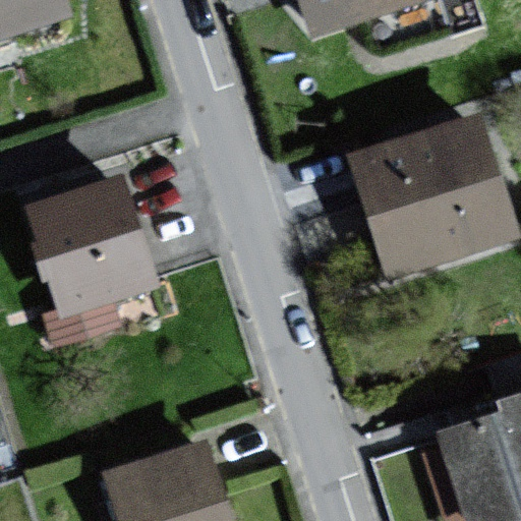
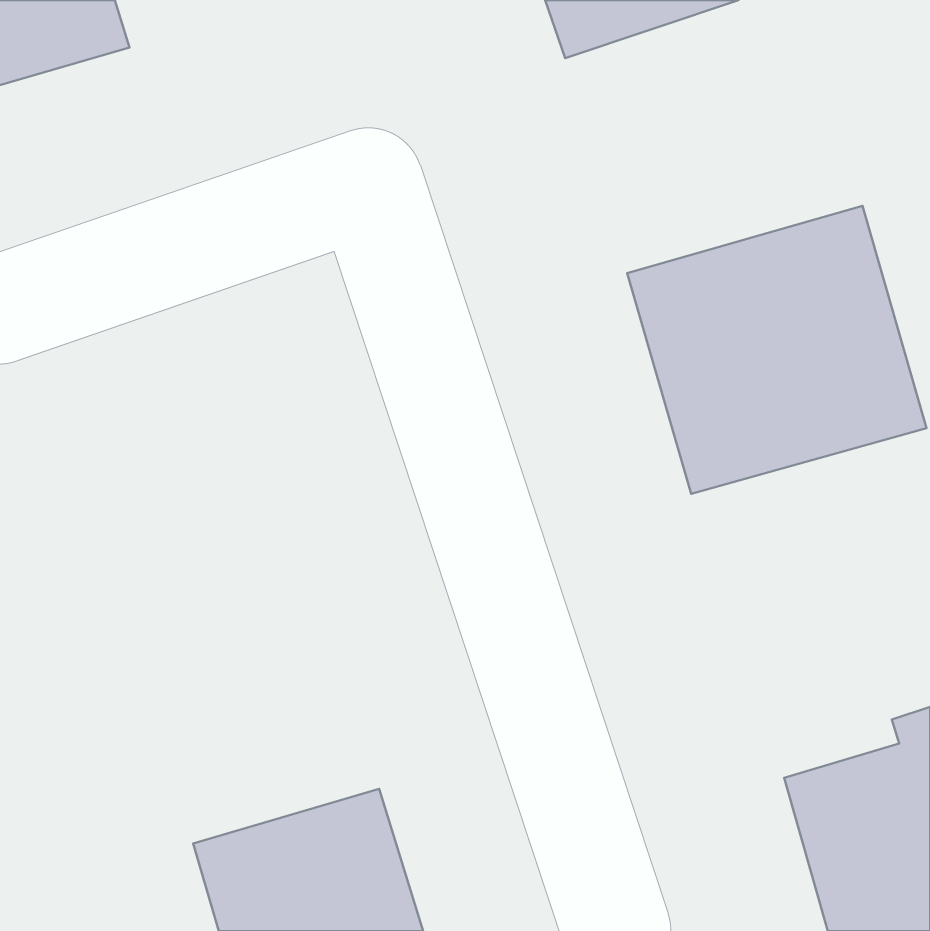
building: [26,175,155,343] -> none

